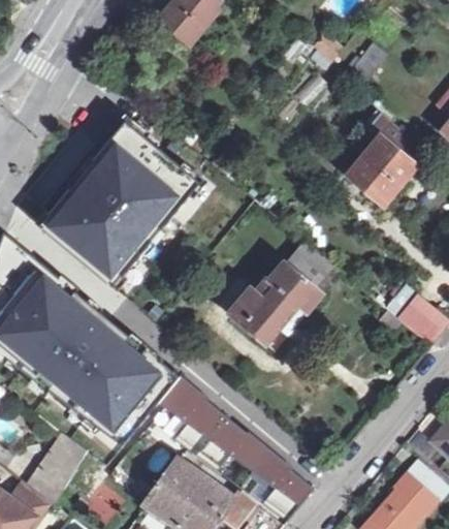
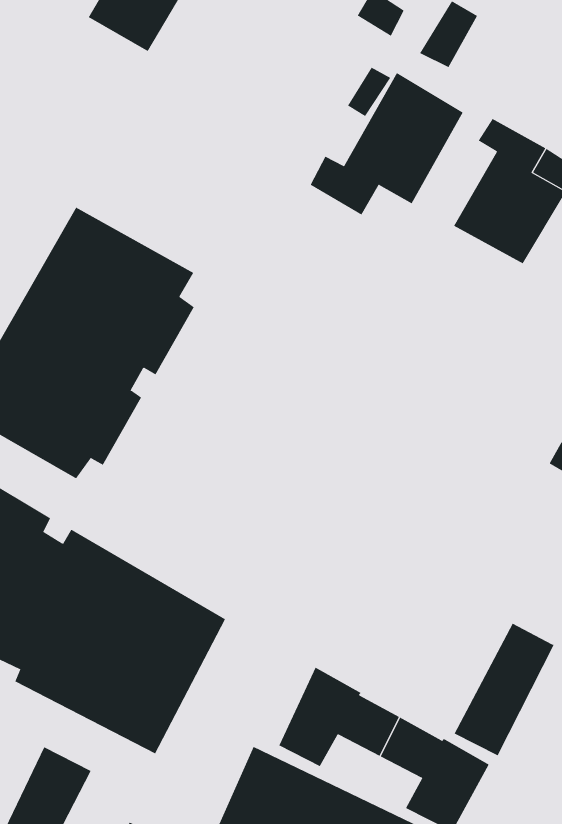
building: none -> [310,72,463,215]
building: [230,243,340,343] -> none
building: [164,382,223,455] -> none
building: none -> [454,623,554,756]

